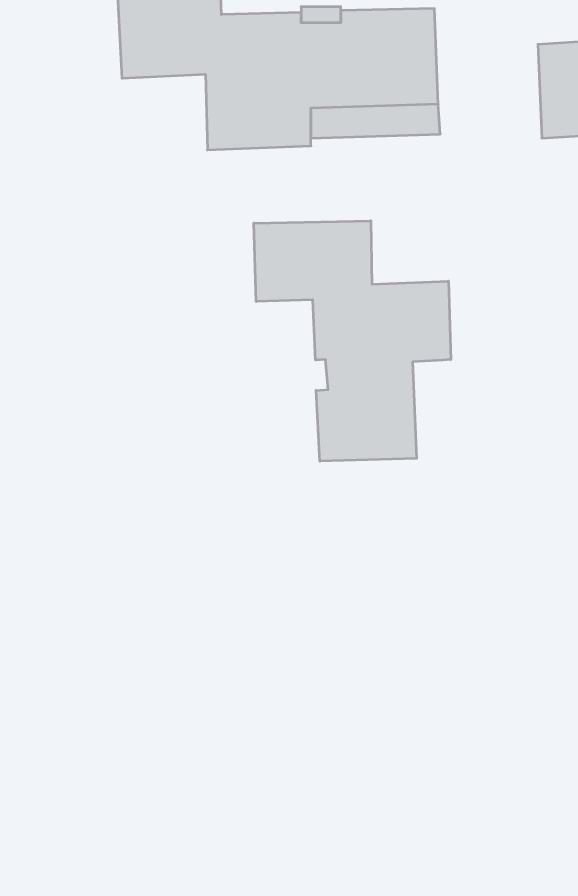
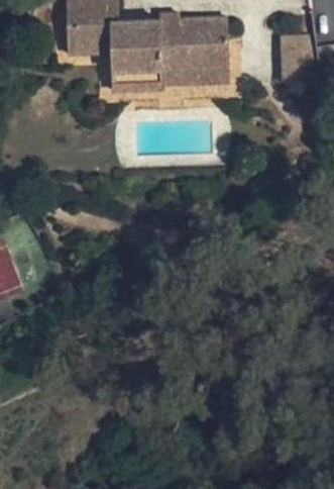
building: [254,221,451,461] -> none

